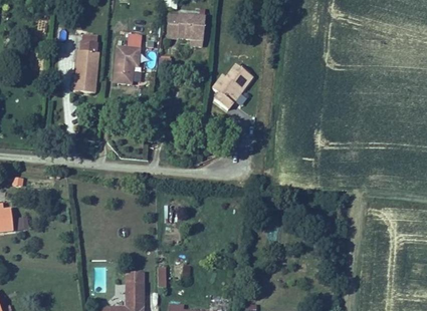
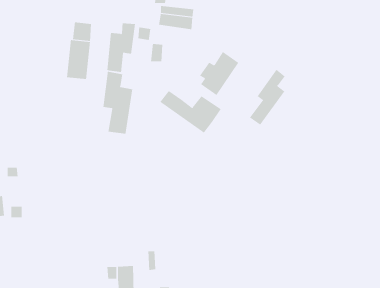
building: none -> [249,69,285,126]
building: none -> [103,71,133,135]
building: none -> [159,90,221,133]

